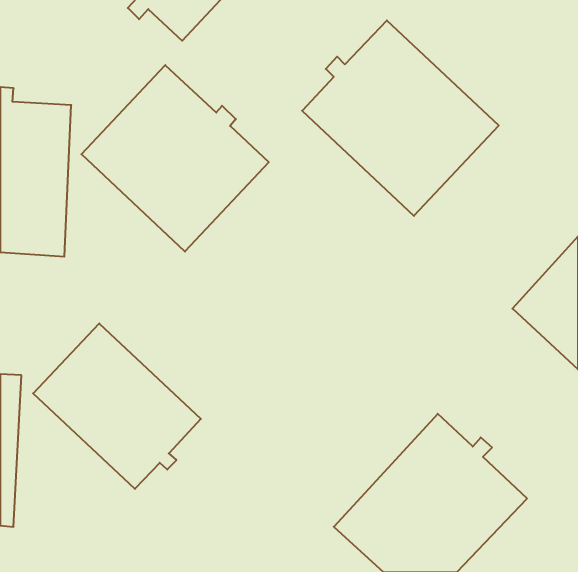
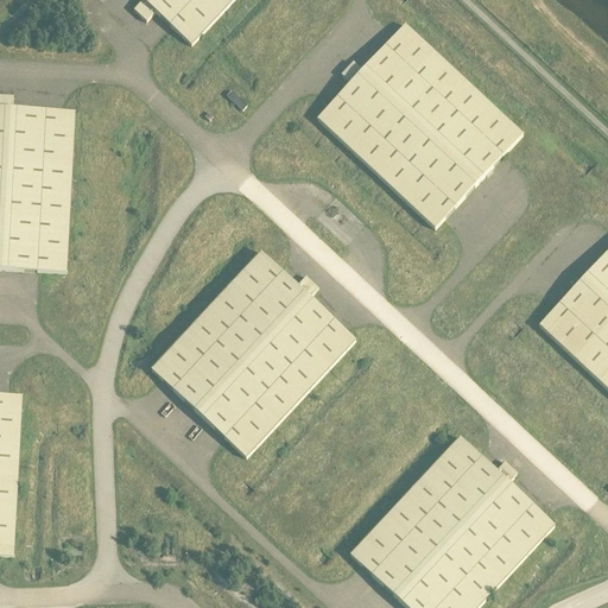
building: [81,65,269,252] -> none
building: none -> [151,249,356,456]
building: [33,323,201,489] -> none

